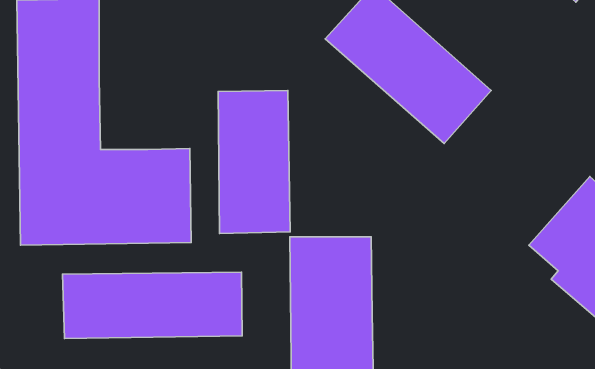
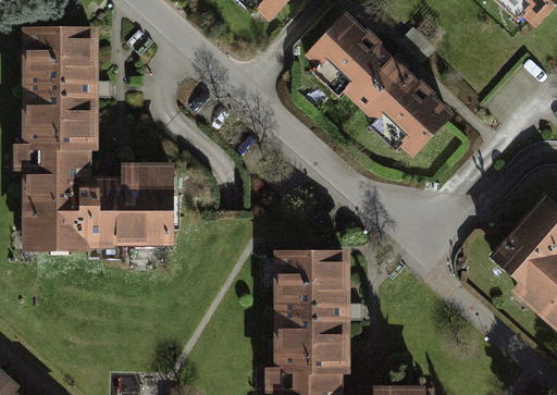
building: [218,90,290,234] -> none
building: [63,272,242,339] -> none

